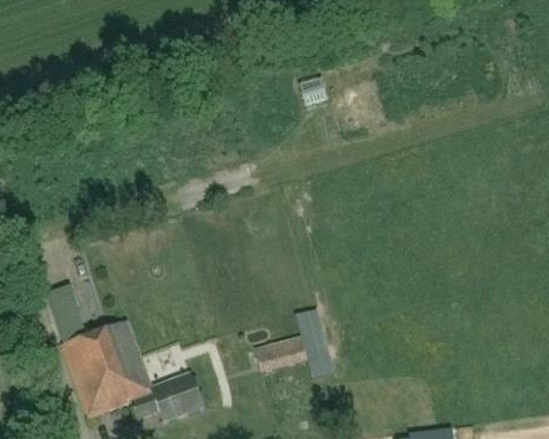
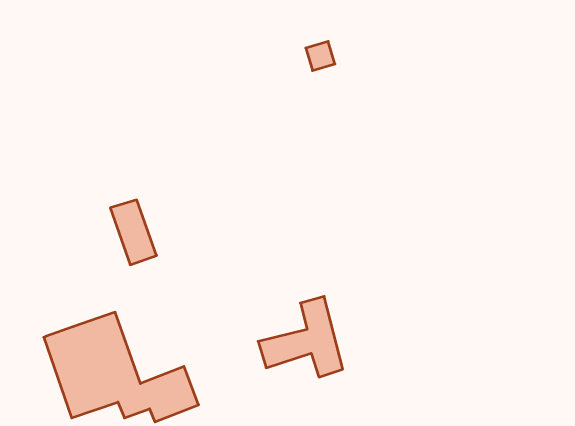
building: [48,285,90,344] -> [110,200,157,265]

